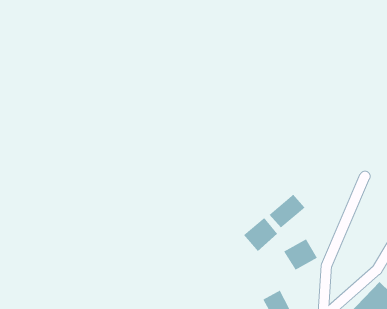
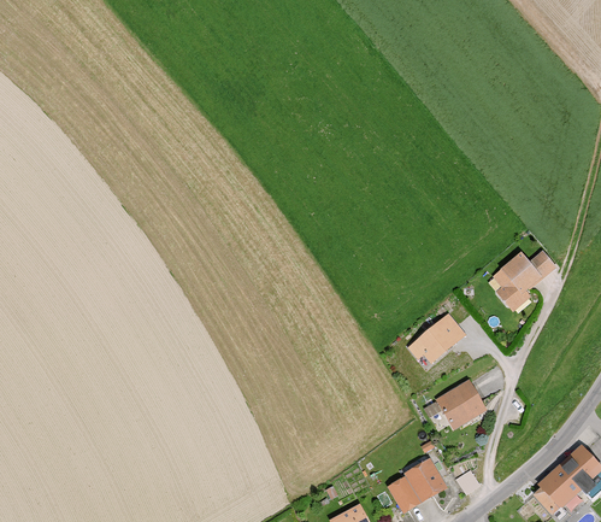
building: none -> [491,250,555,315]
building: [243,217,278,252] -> none

